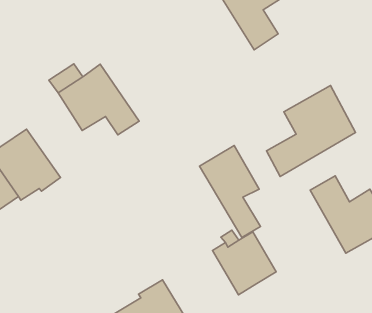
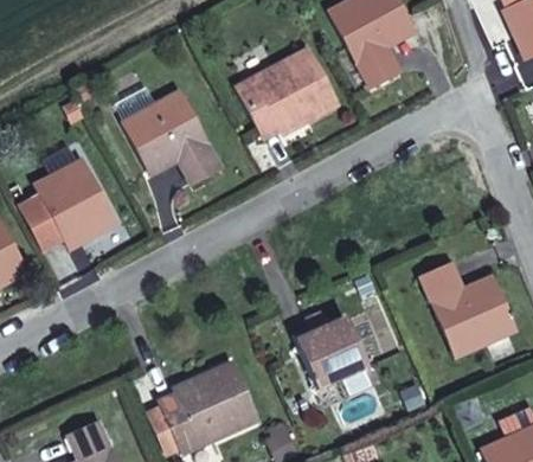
building: none -> [236,50,340,142]
building: [267,85,356,176] -> none
building: [199,145,261,237] -> none

